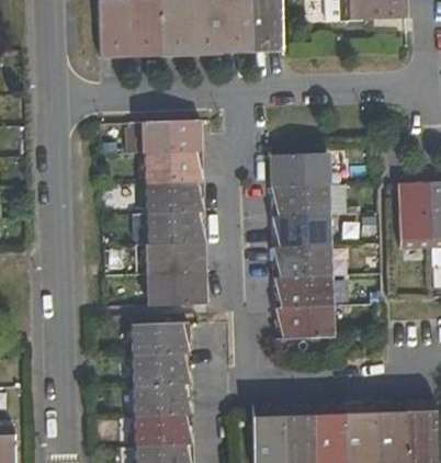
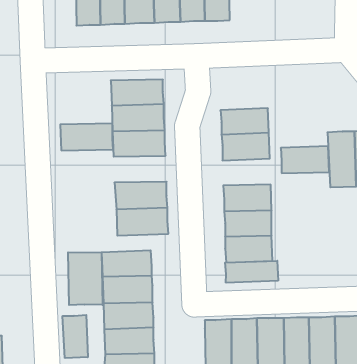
building: [145,212,207,244] -> [60,123,113,150]
building: [273,215,330,247] -> [281,146,329,173]
building: none -> [68,252,102,305]
building: none -> [225,261,278,283]
building: none -> [63,315,88,358]

